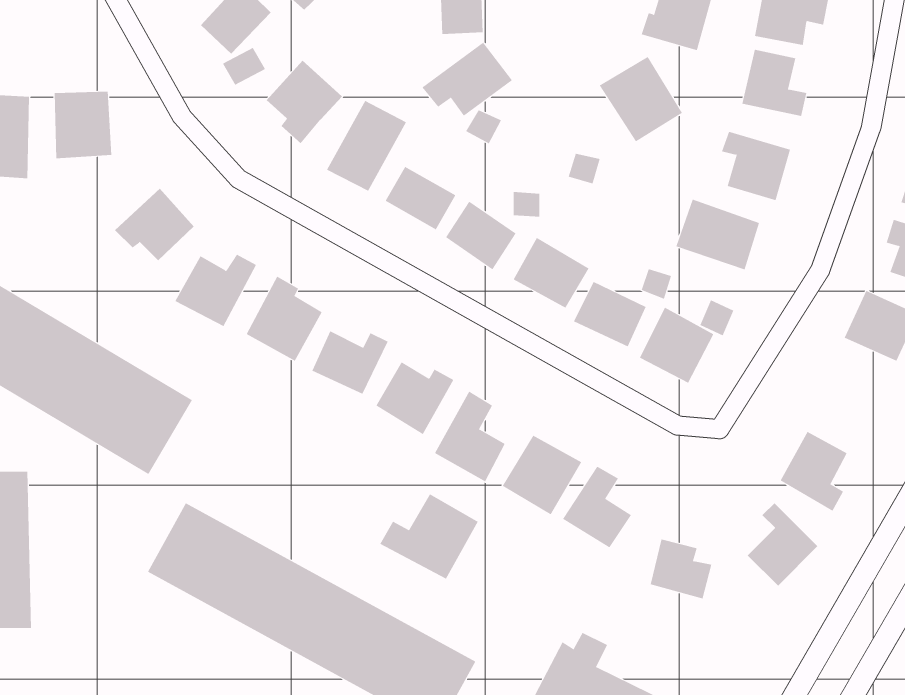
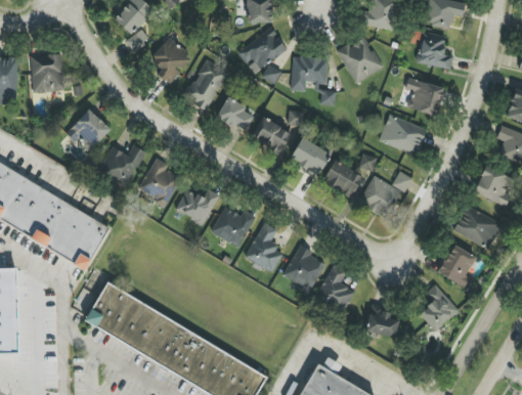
building: none -> [291,56,327,90]
building: none -> [452,207,501,248]
building: [380,494,479,580] -> none

